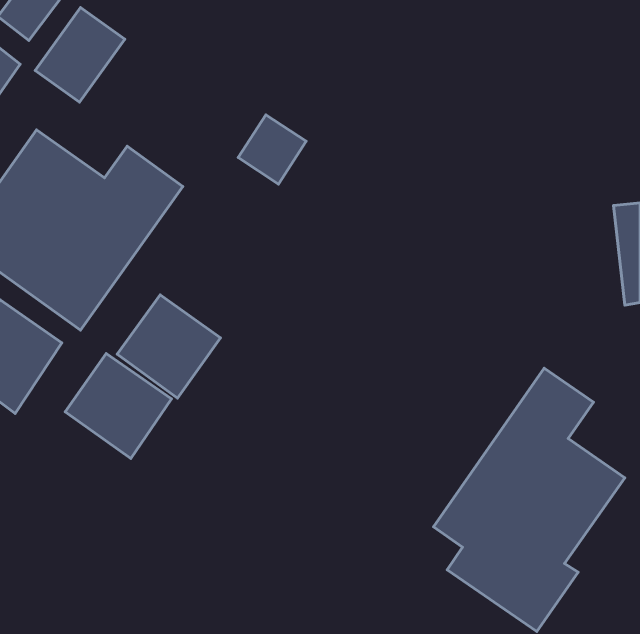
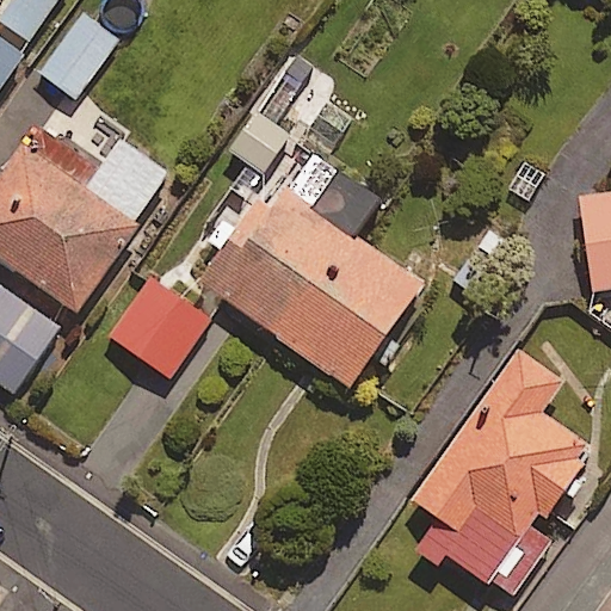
building: none -> [202,171,425,390]
building: [65,354,172,458] -> none

